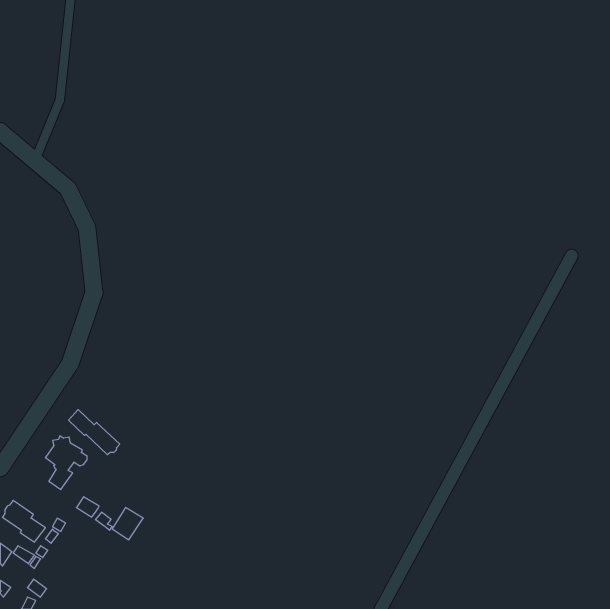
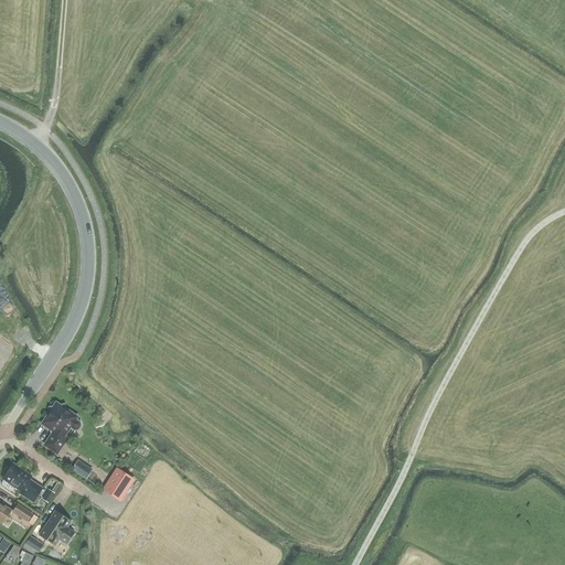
building: [69,410,120,455] -> none
building: none -> [39,511,74,545]

